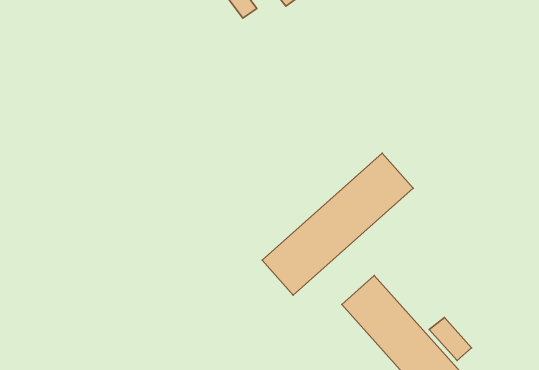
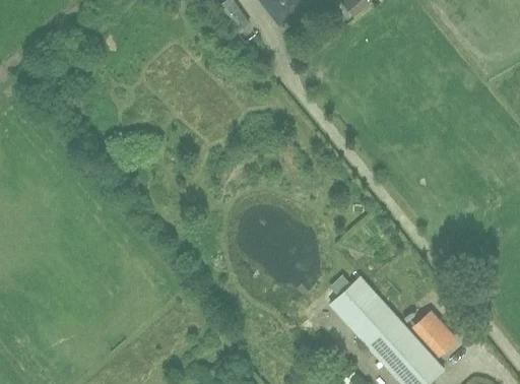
building: [262,153,413,295] -> none

